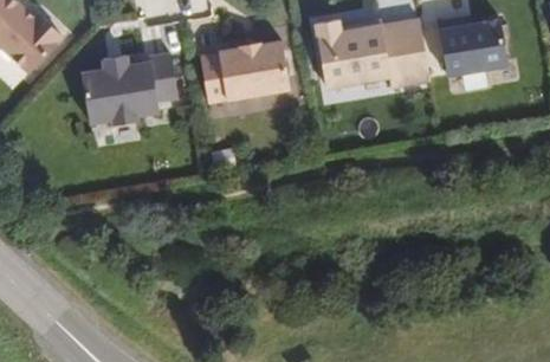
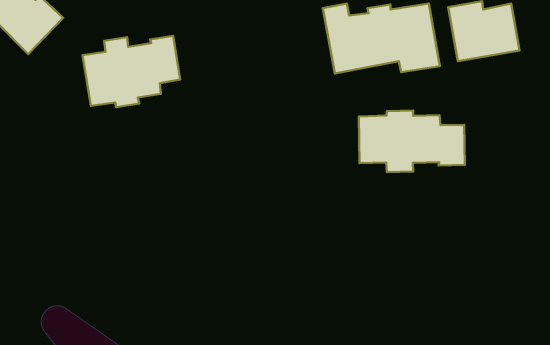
building: [202,41,291,103] -> none
building: none -> [359,110,465,172]

